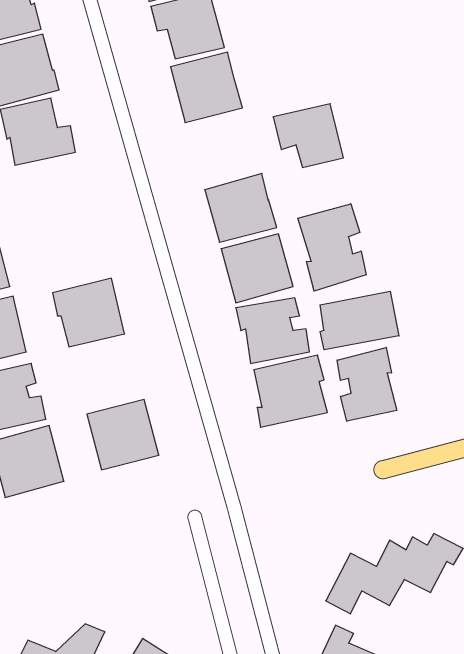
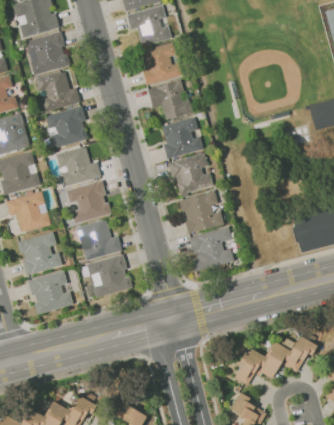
building: [273,104,343,168] -> [147,80,190,119]
building: none -> [45,106,87,147]
building: [298,204,366,291] -> none
building: none -> [56,146,101,186]
building: [320,291,399,350] -> none
building: none -> [77,219,122,260]
building: [337,347,397,421] -> none

